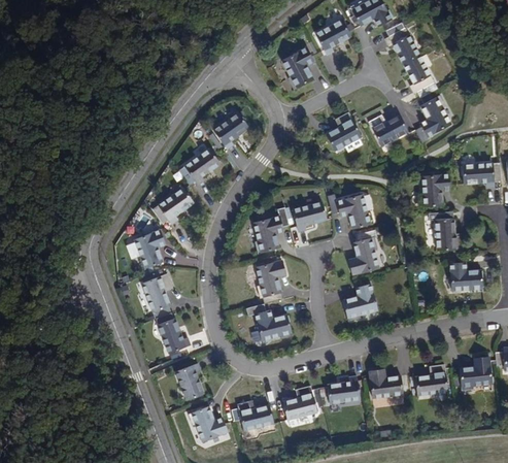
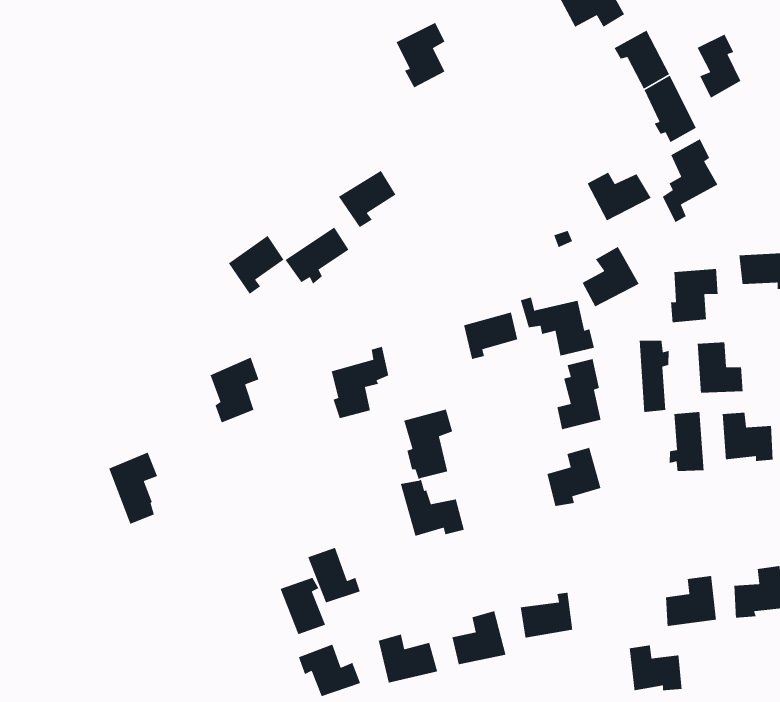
building: [314,20,350,55] -> none
building: none -> [697,34,741,99]
building: [282,48,313,90] -> [395,22,445,89]
building: [325,111,361,150] -> [581,246,640,308]
building: [159,186,194,223] -> [228,235,285,295]
building: [252,207,289,253] -> [331,346,389,419]
building: none -> [639,340,669,413]
building: none -> [669,411,704,472]
building: [144,273,175,319] -> [108,452,158,525]
building: [160,318,193,353] -> [307,547,361,604]
building: [370,369,403,398] -> [629,645,682,691]

